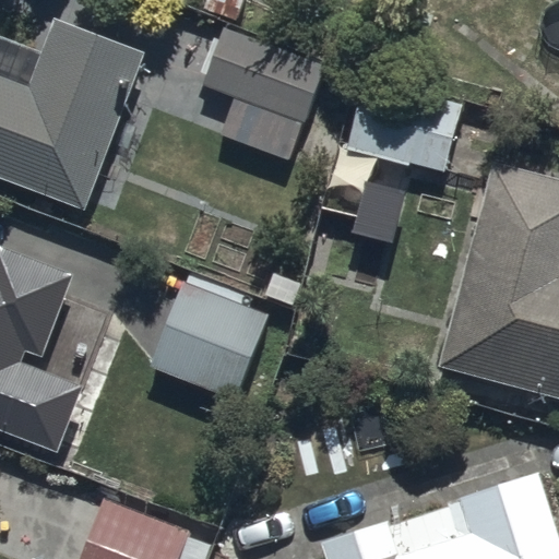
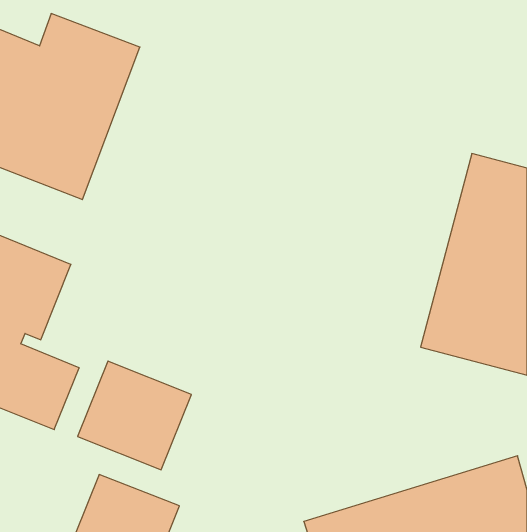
building: [198,27,324,160] -> none
building: [344,76,464,174] -> none
building: [150,285,269,399] -> [78,361,191,470]

